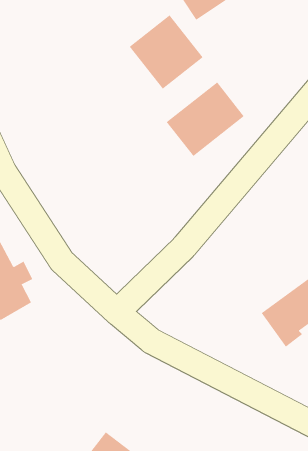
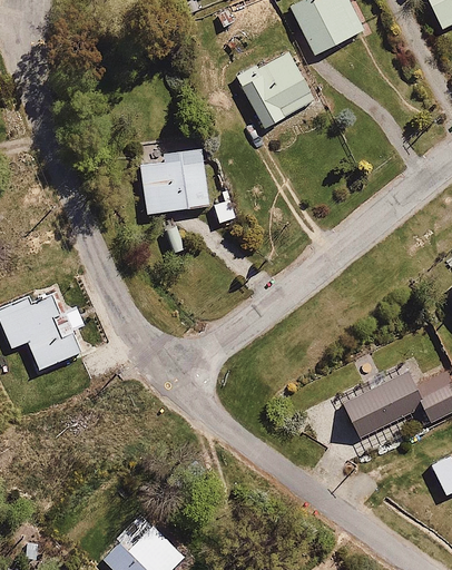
building: [166,81,245,157] -> none
building: none -> [139,142,209,215]

